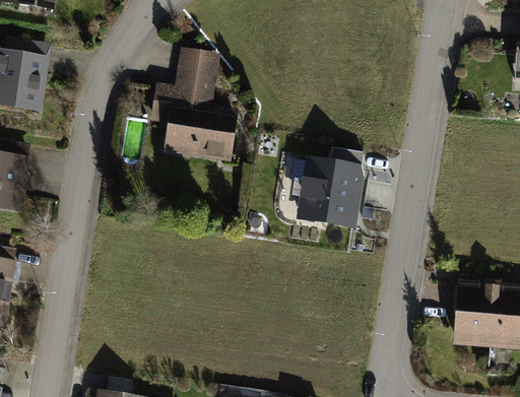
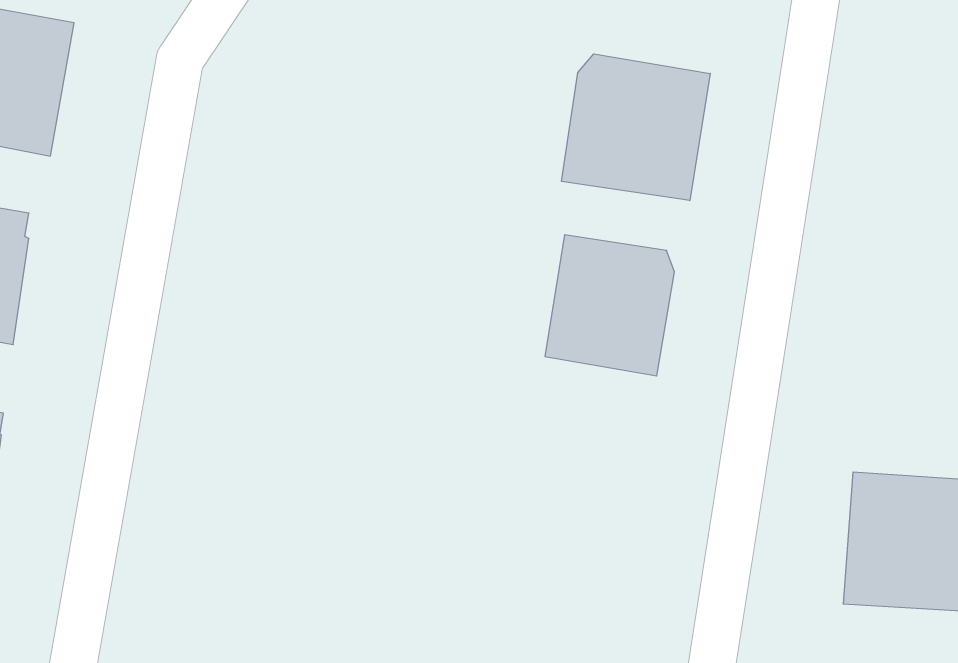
building: [150,46,245,161] -> none
building: none -> [561,54,710,201]

